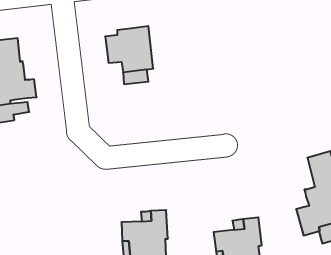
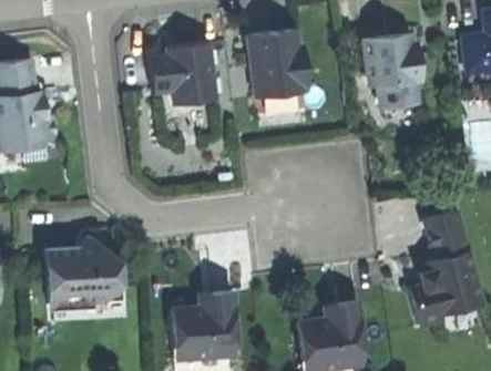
building: none -> [250,29,307,95]
building: none -> [364,34,421,106]
building: none -> [45,246,120,303]

